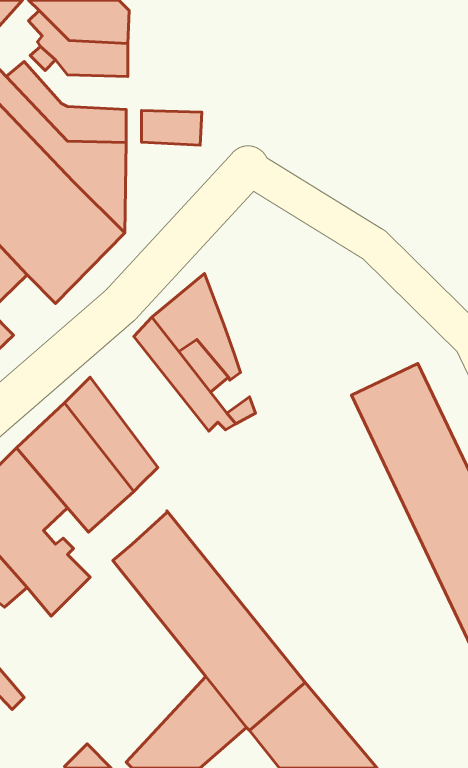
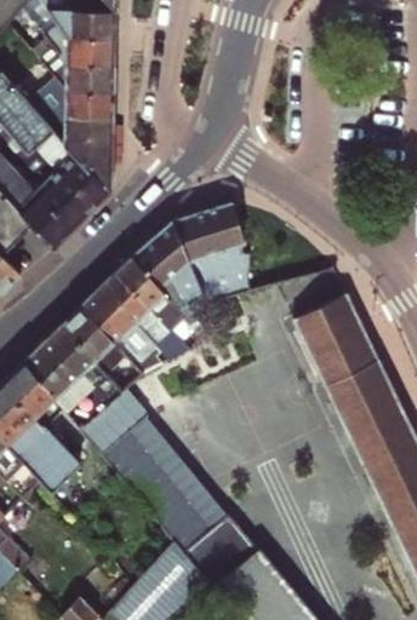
building: [142,111,202,145] -> [65,61,114,88]
building: none -> [176,202,235,305]
building: none -> [84,271,183,377]
building: none -> [82,390,145,452]

